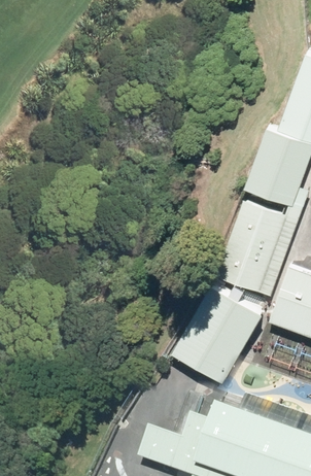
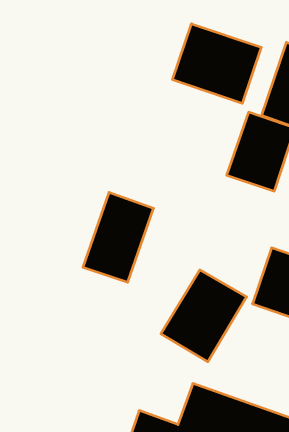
building: none -> [173,24,261,103]
building: [216,200,289,293] -> [83,192,154,282]

